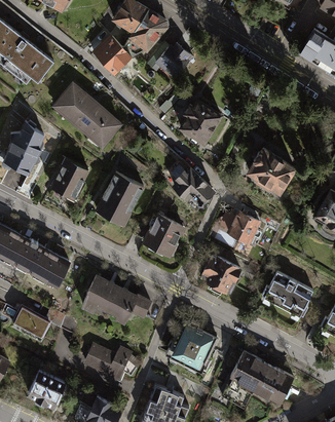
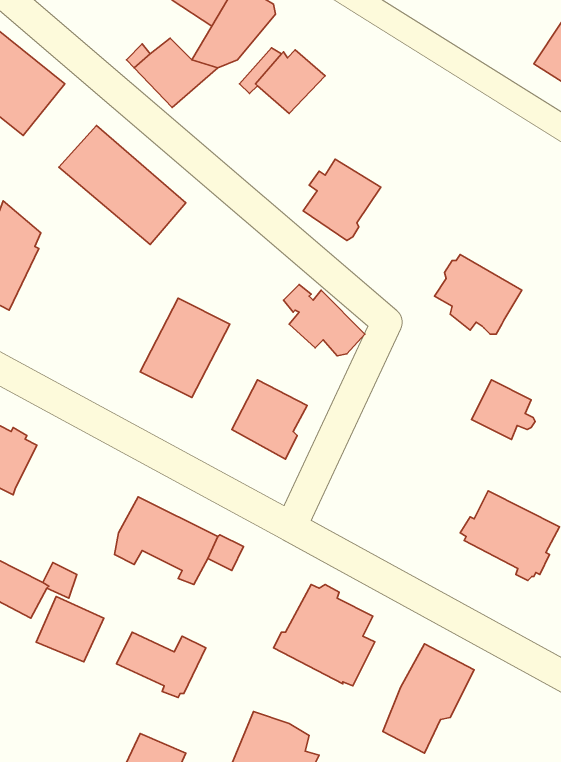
building: [51,159,87,197] -> none
building: [228,212,261,242] -> [472,380,535,439]
building: [32,248,69,284] -> none
building: [203,258,239,293] -> none
building: [257,365,293,398] -> none
building: [29,371,64,405] -> [36,596,104,662]

